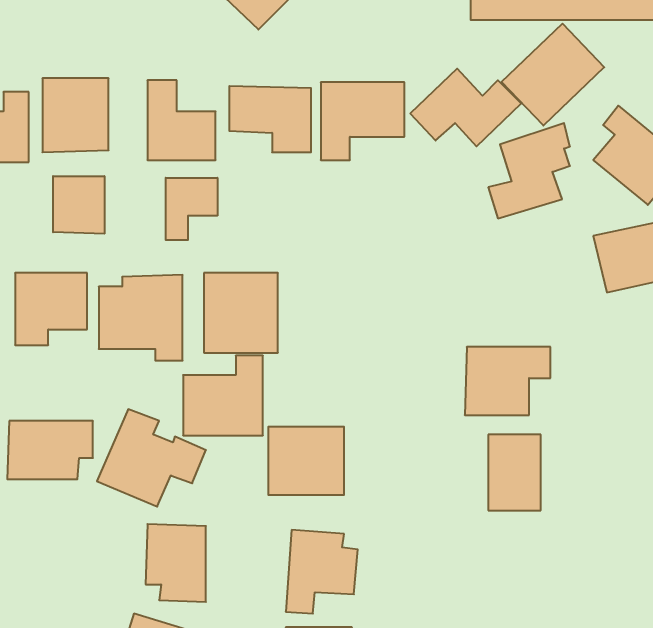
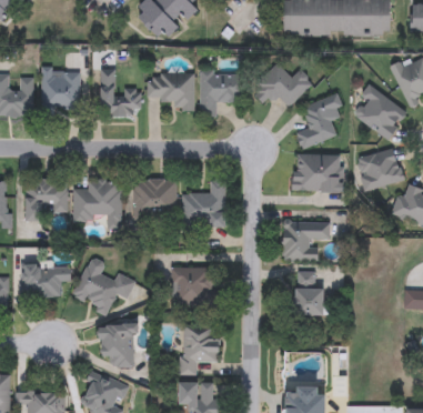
building: [502,24,604,126] -> none
building: [53,176,104,234] -> none
building: [166,178,217,240] -> none
building: none -> [294,153,345,192]
building: [183,356,263,435] -> [180,181,225,226]

